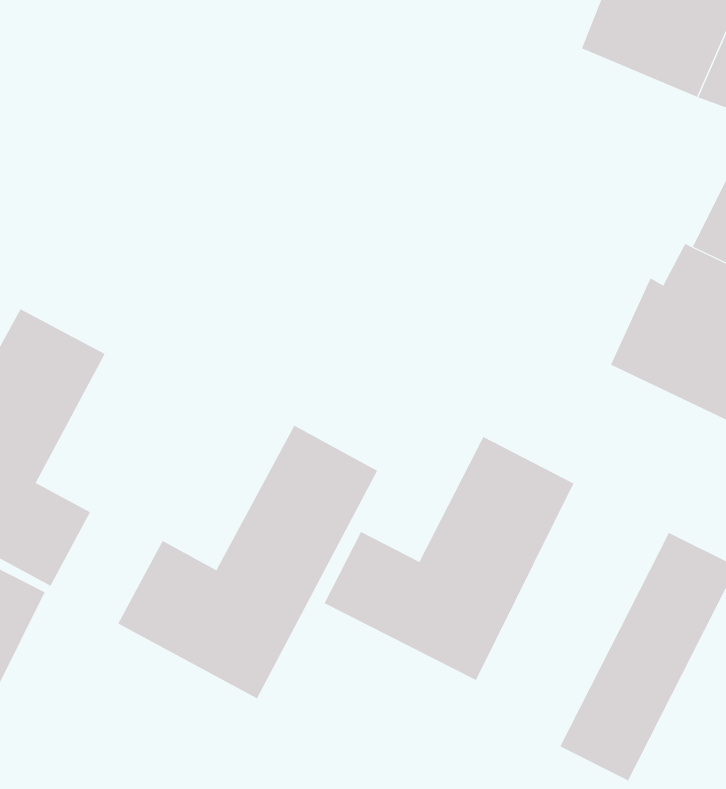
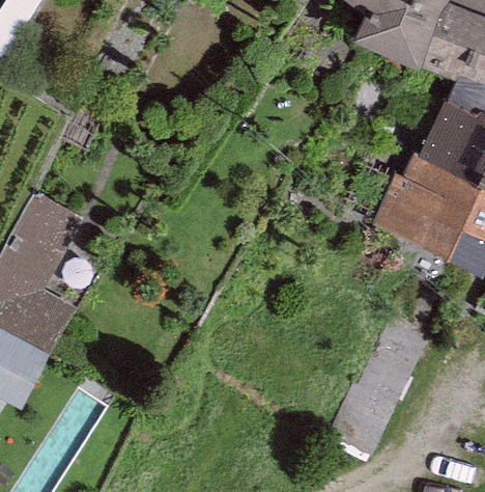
building: [117,425,378,699] -> none
building: [324,436,574,681] -> none

